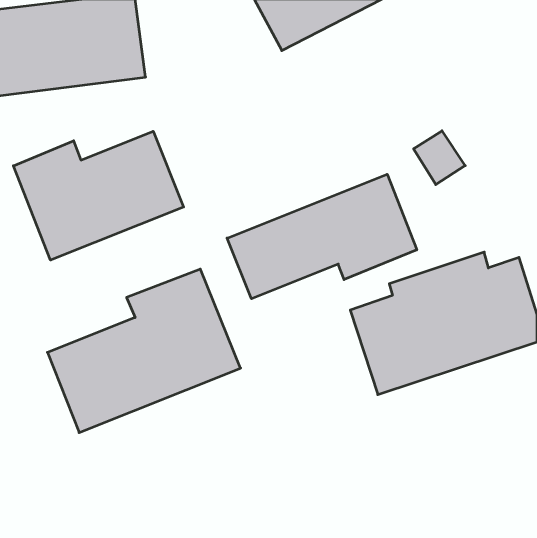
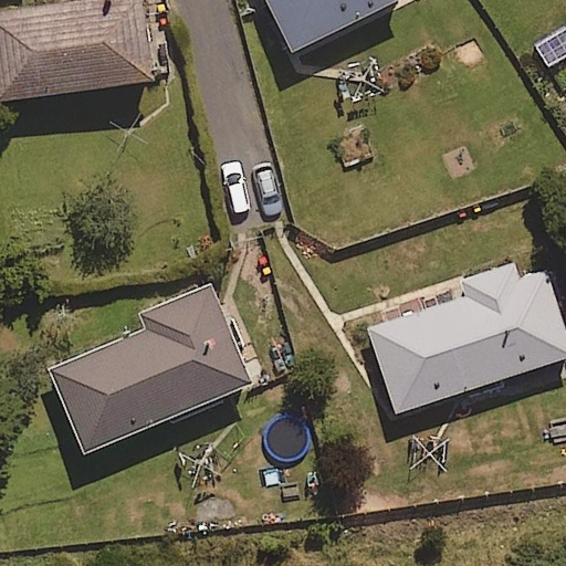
building: [13,131,184,260] -> none
building: [227,174,417,299] -> none

